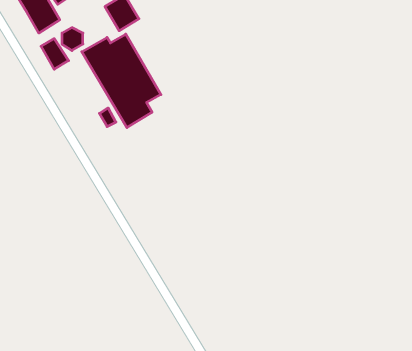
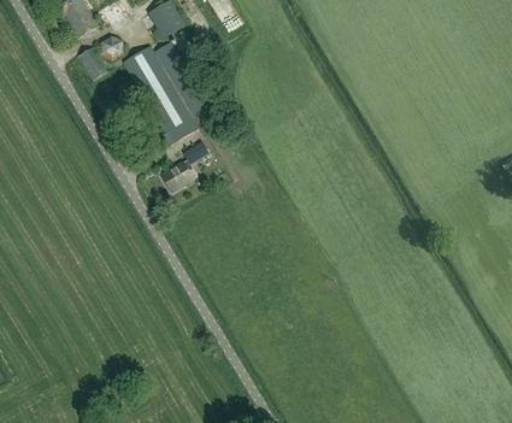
building: none -> [161,137,211,193]

